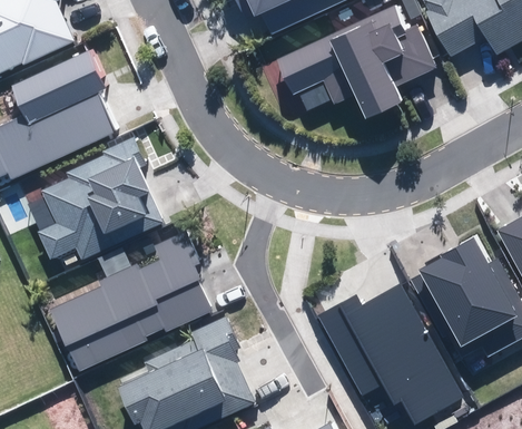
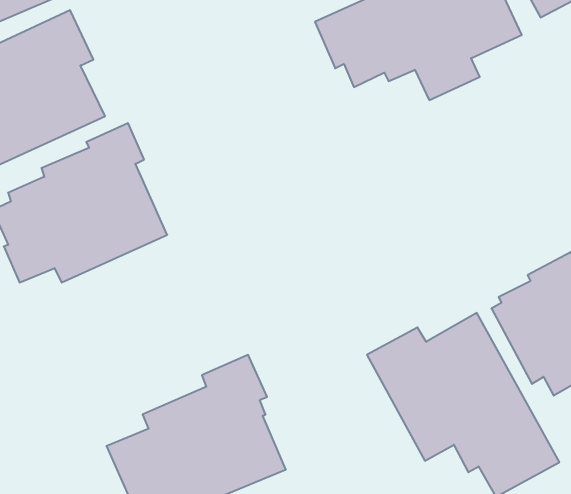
building: [49,230,211,372] -> none

